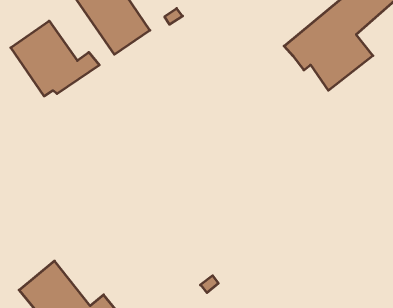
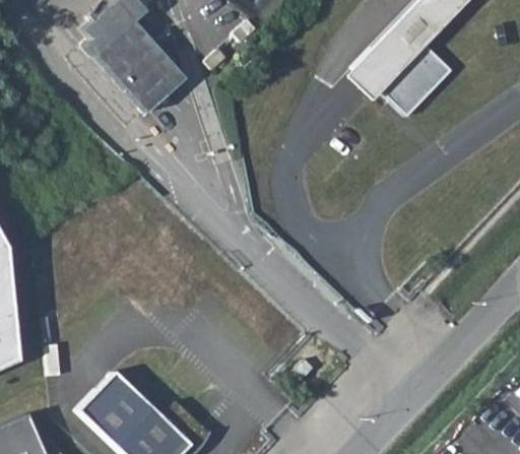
building: [11,21,99,96] -> none

